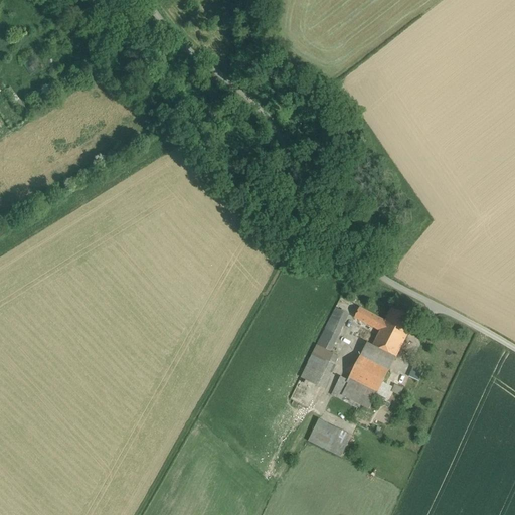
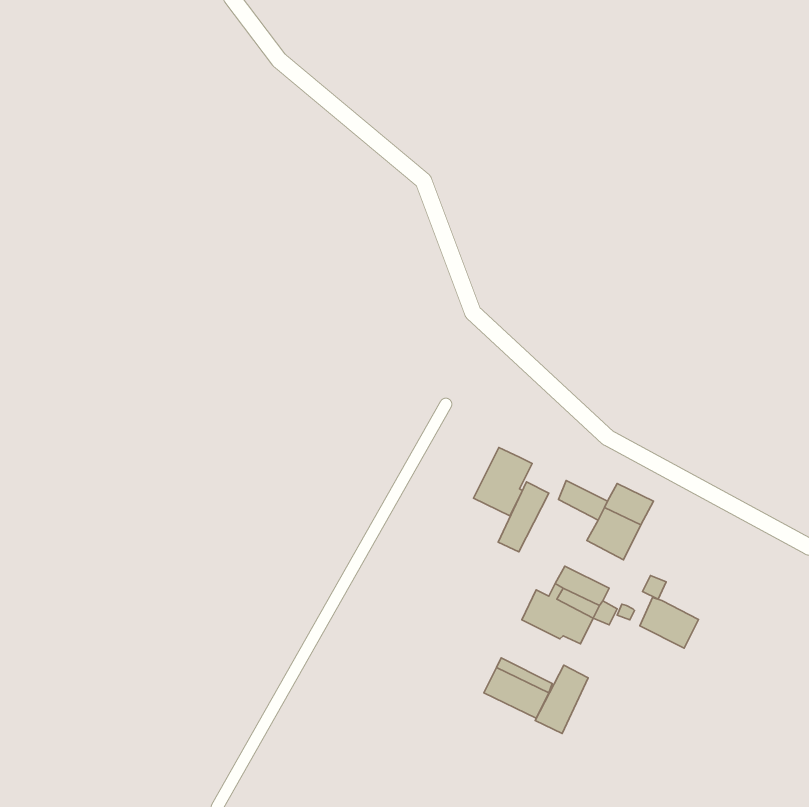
building: [358,341,395,373] -> [640,597,698,648]
building: [300,344,337,387] -> [473,448,532,516]
building: none -> [535,665,588,734]

